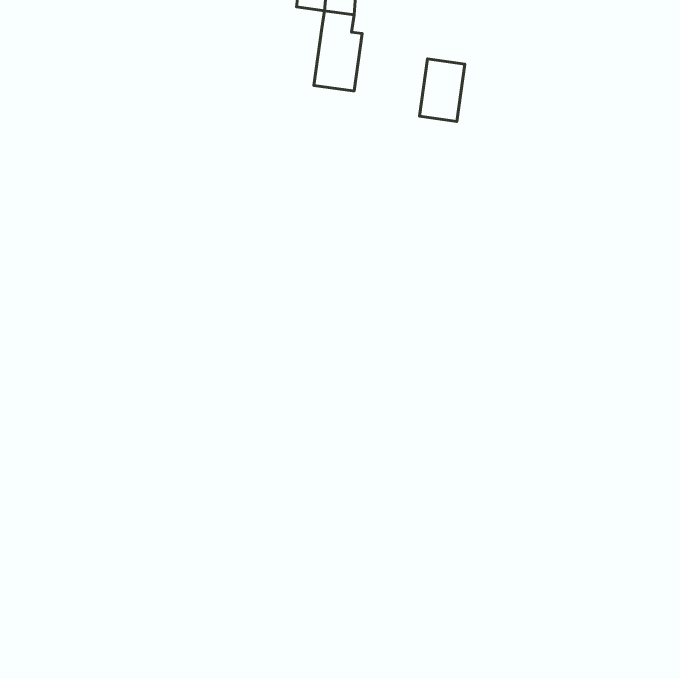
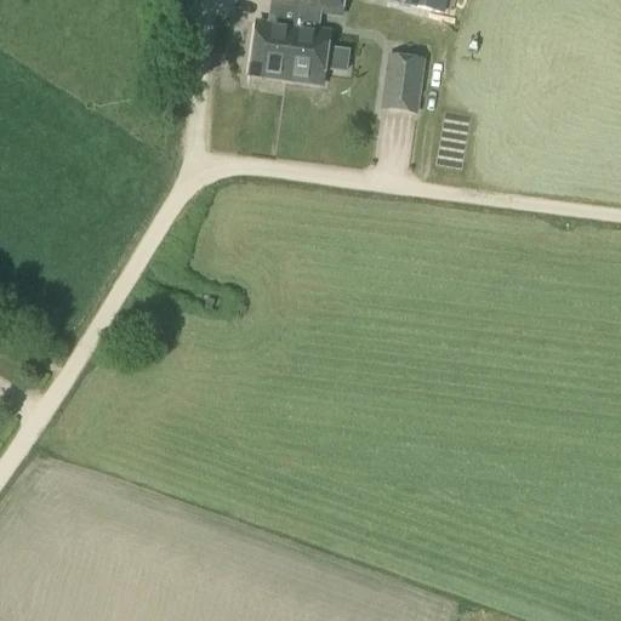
building: none -> [251,21,295,78]

